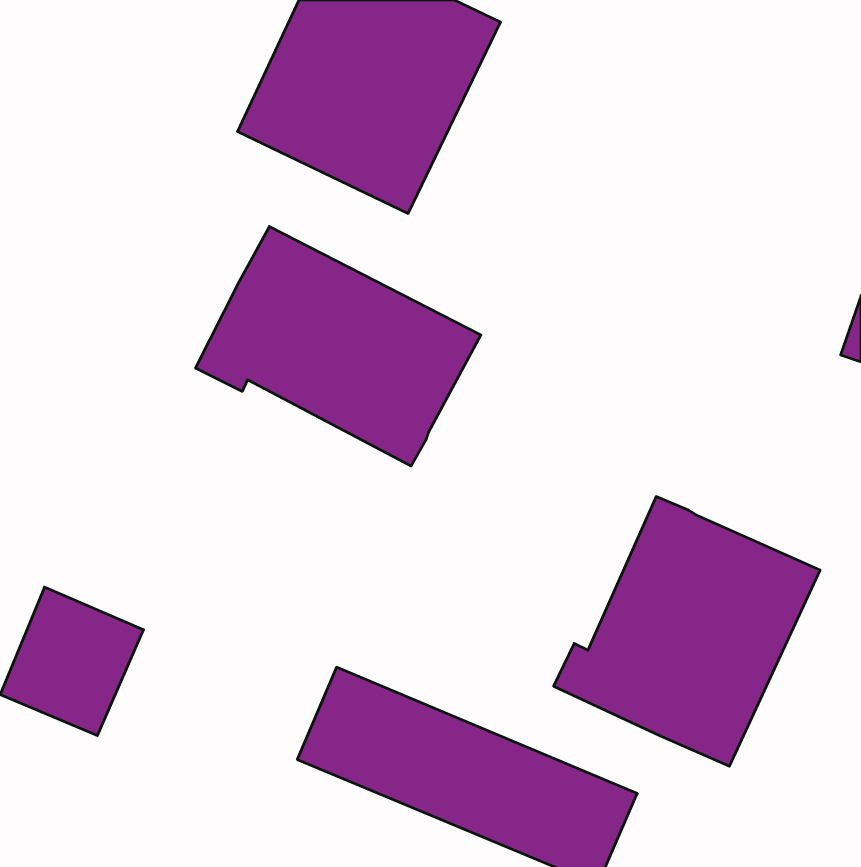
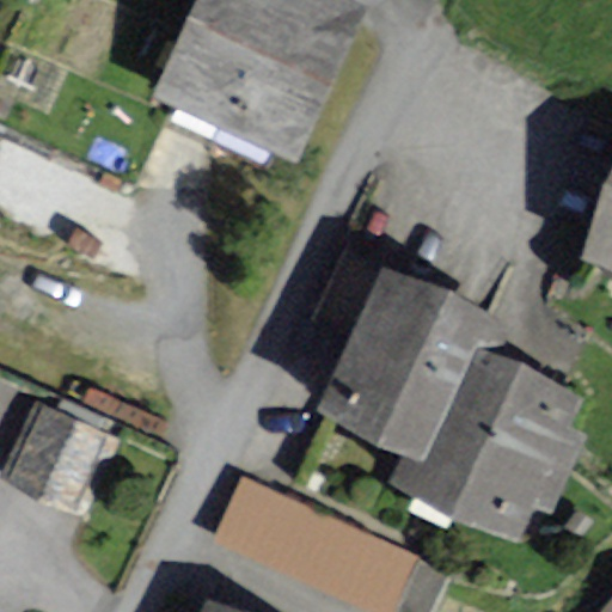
building: [196,226,481,466] -> none
building: none -> [322,284,494,459]

